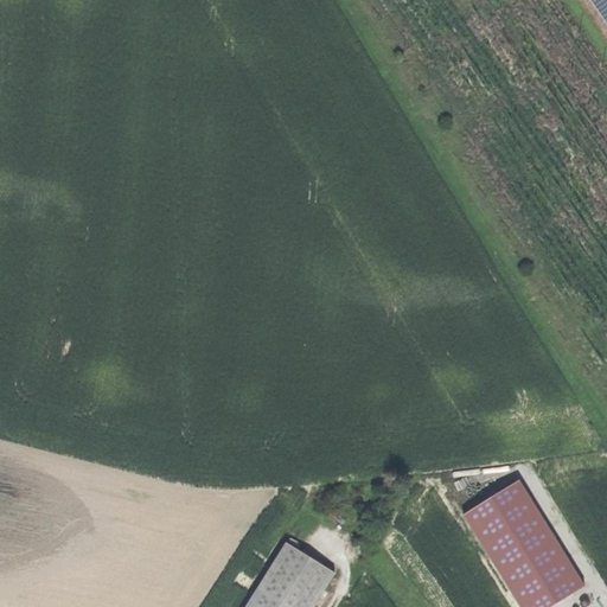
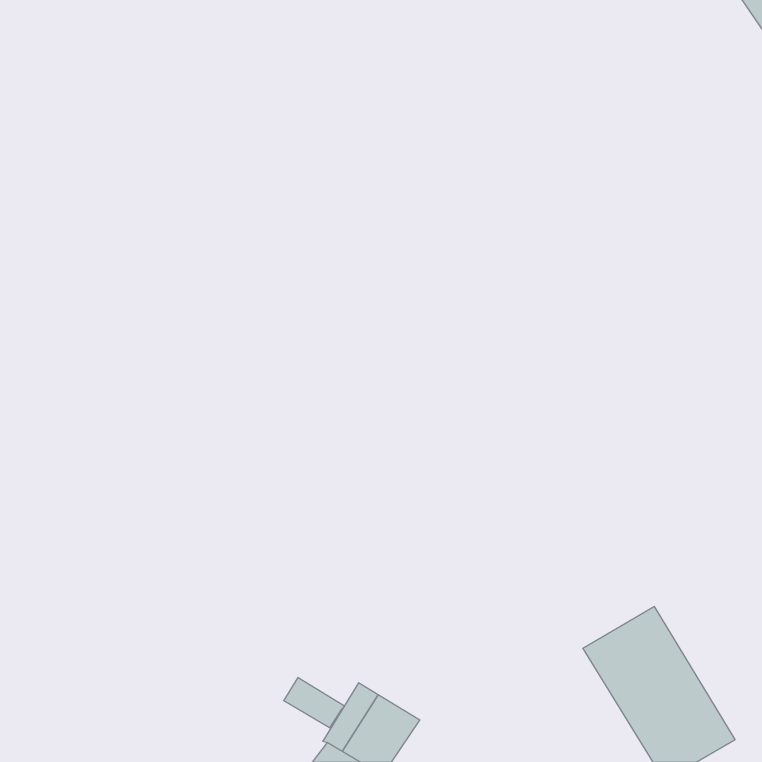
building: none -> [284,677,344,728]

